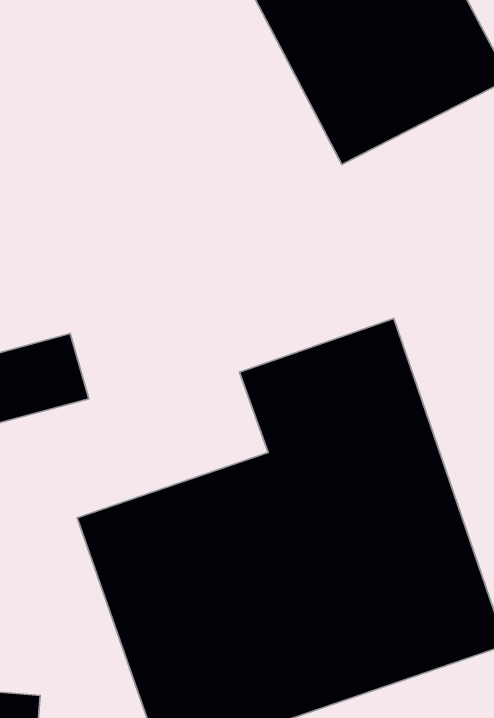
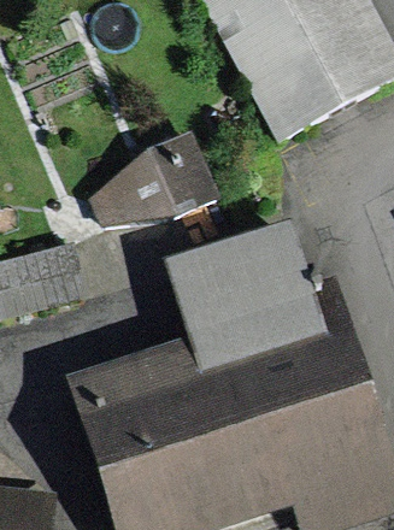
building: none -> [95,136,223,224]

